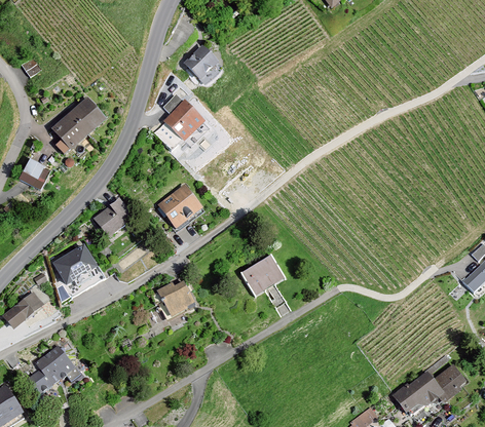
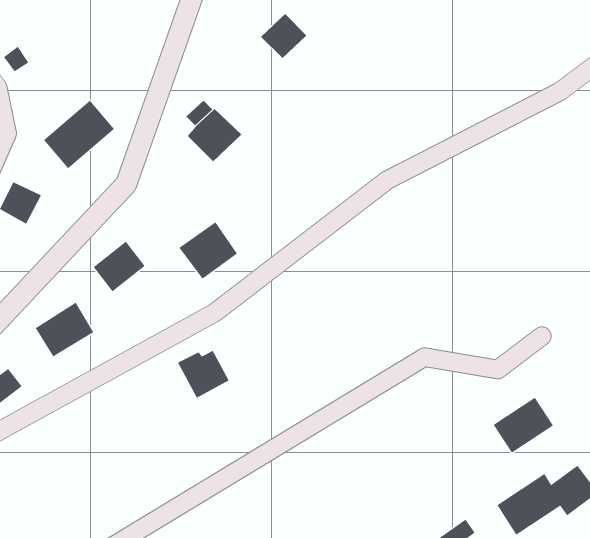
building: [182,45,217,79] -> [260,13,307,59]
building: [241,256,282,294] -> none
building: none -> [493,397,554,454]
building: [28,345,74,393] -> none

